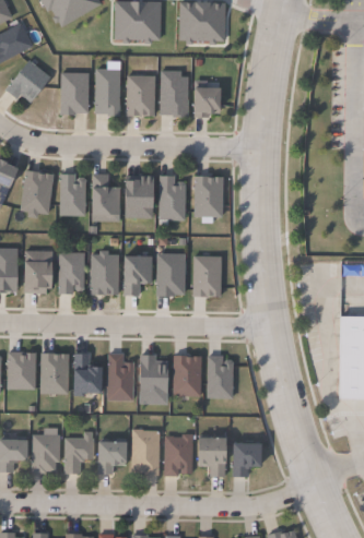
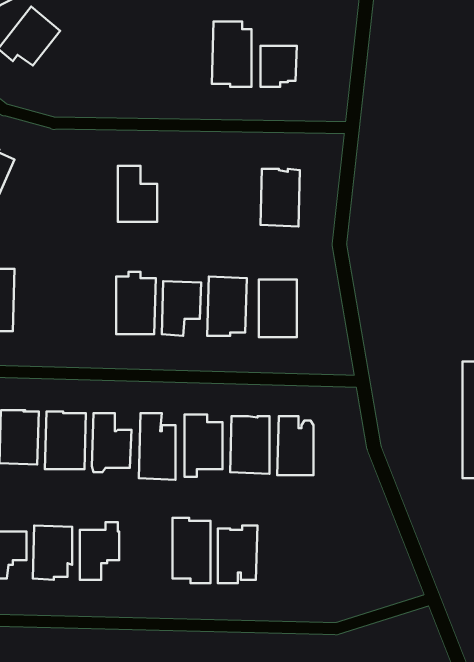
building: [95,69,120,117] -> none
building: [60,73,89,116] -> none
building: [126,75,155,117] -> none
building: [20,170,54,218] -> none
building: [59,175,85,216] -> none
building: [125,176,153,218] -> none
building: [158,176,186,222] -> none
building: [24,251,51,294] -> none
building: [58,253,84,295] -> none
building: [198,435,226,476] -> none
building: [97,440,127,474] -> none
building: [233,441,261,476] -> none

